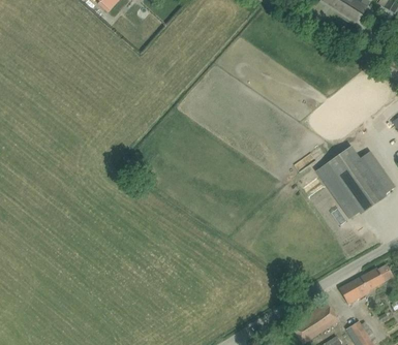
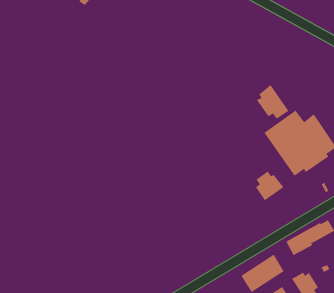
building: none -> [256,84,289,120]
building: none -> [255,170,284,201]

